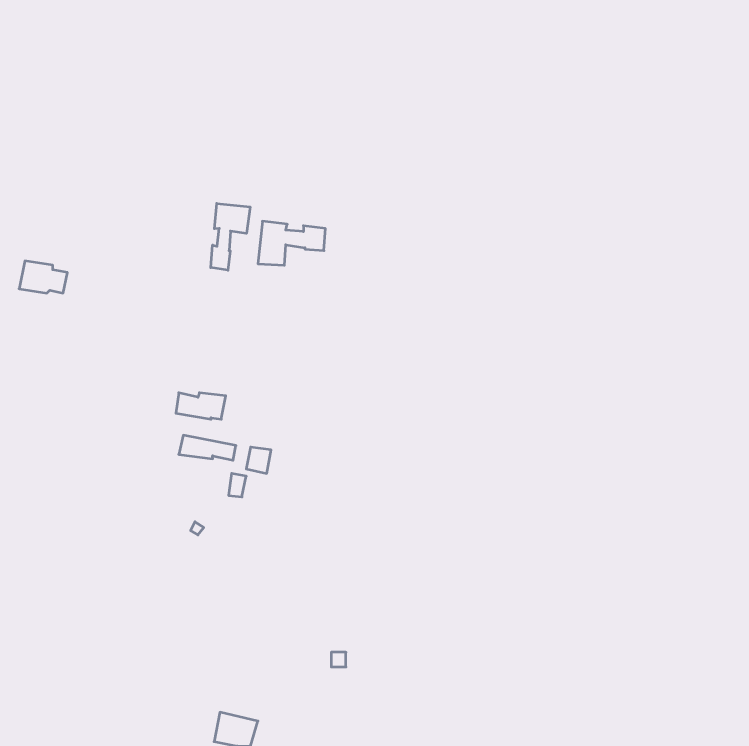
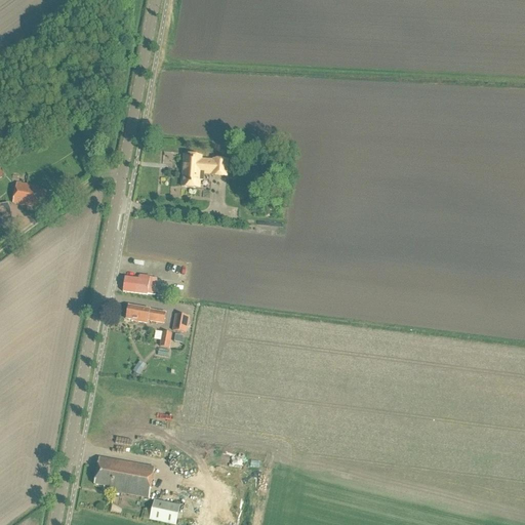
building: [211,203,250,270] -> none
building: none -> [95,455,154,496]

